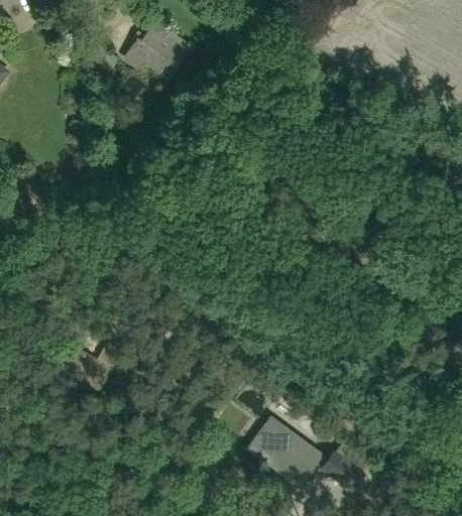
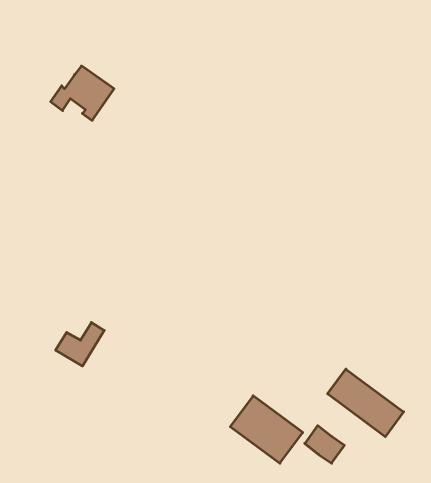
building: [124,21,189,77] -> [51,66,114,120]
building: none -> [328,369,404,437]

